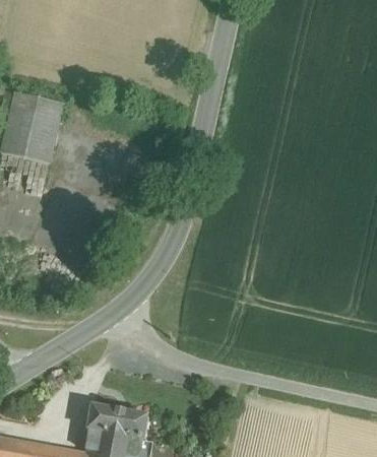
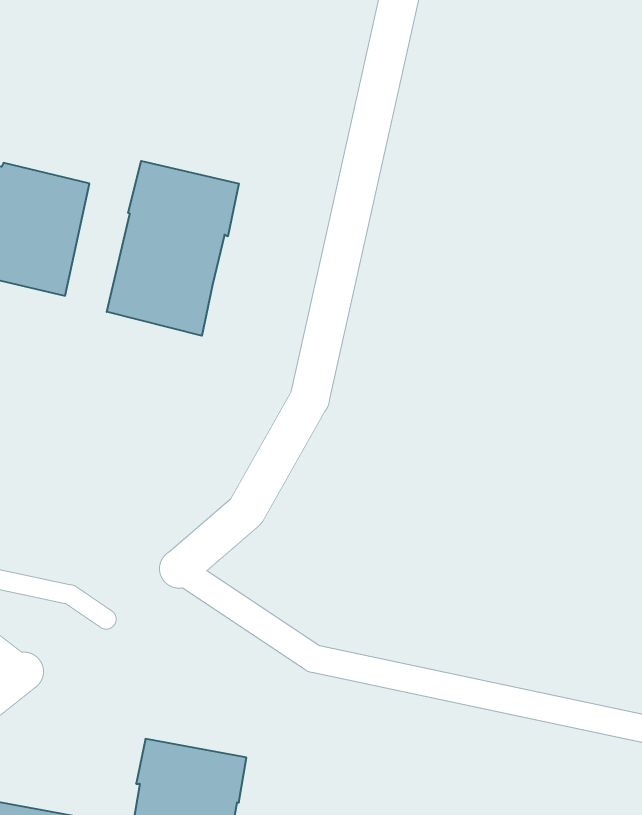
building: none -> [107,161,239,336]

